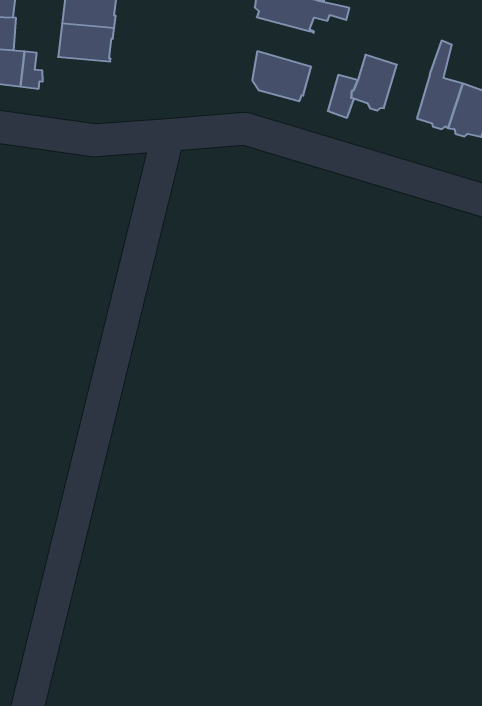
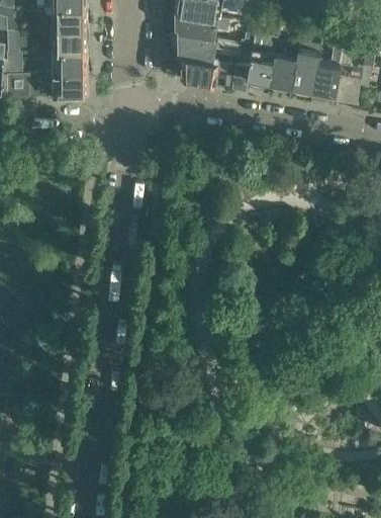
building: none -> [177,33,250,62]
building: none -> [268,38,298,87]
building: none -> [52,74,86,97]

